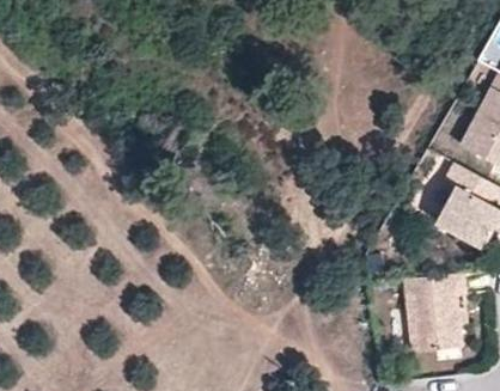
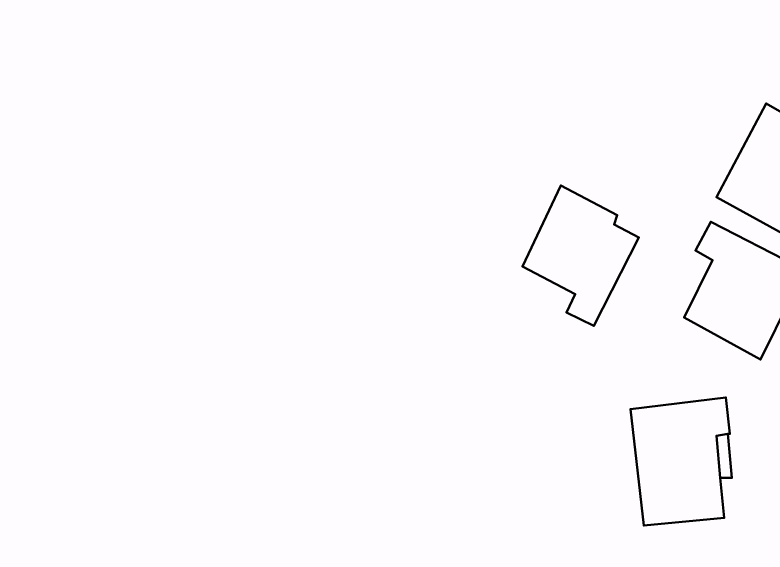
building: none -> [522,186,639,326]

